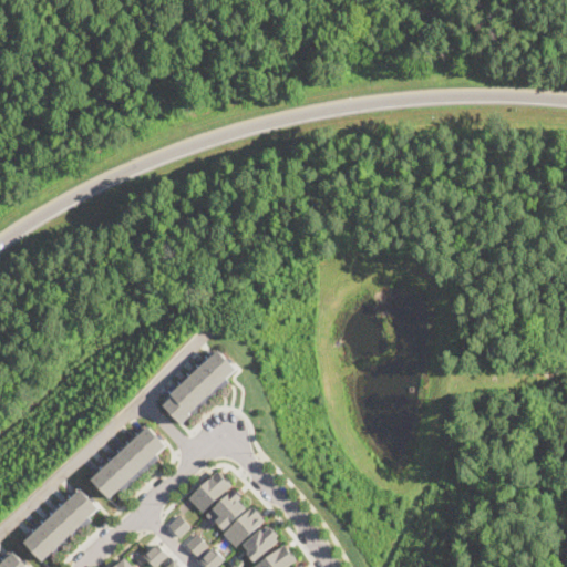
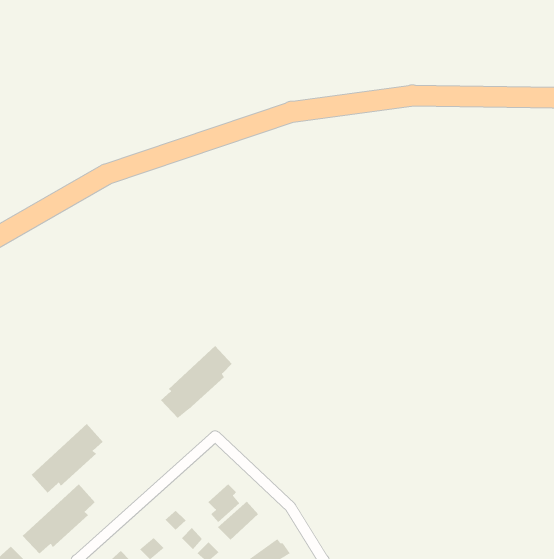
building: [91,427,164,498] -> [31,423,103,493]
building: [186,471,229,513] -> none
building: [240,527,275,561] -> none

